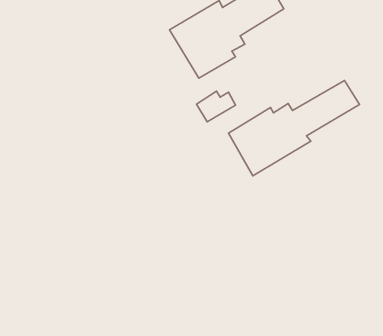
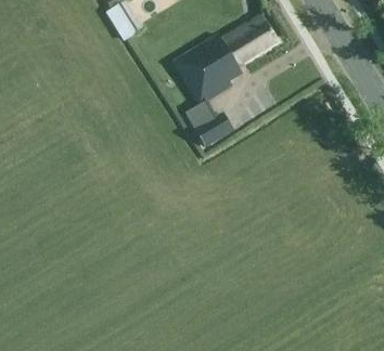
building: [228,80,359,176] -> none

